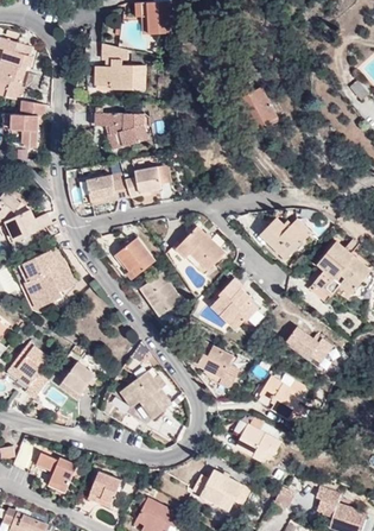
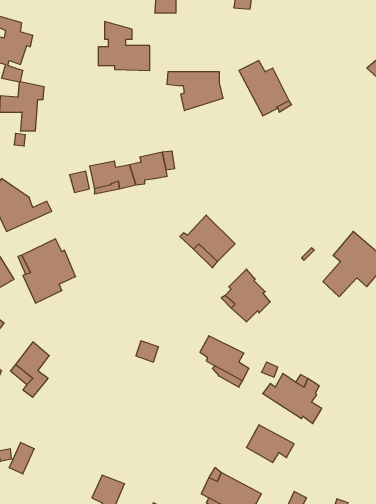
building: [94,113,147,150] -> [167,72,223,111]
building: [260,217,310,258] -> none
building: [114,238,154,278] -> none
building: [140,272,180,315] -> none
building: [286,327,330,362] -> none
building: [59,362,94,398] -> none
building: [119,371,171,417] -> none
building: [36,453,76,493] -> none

